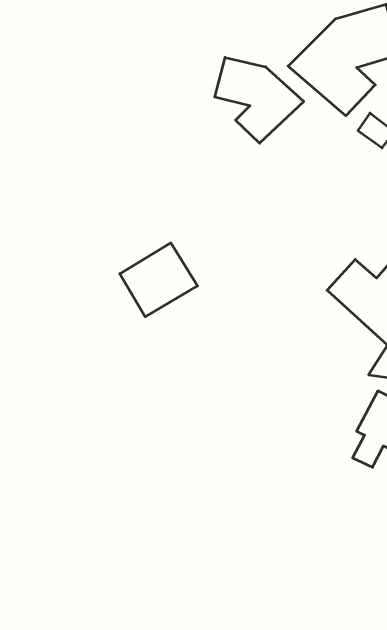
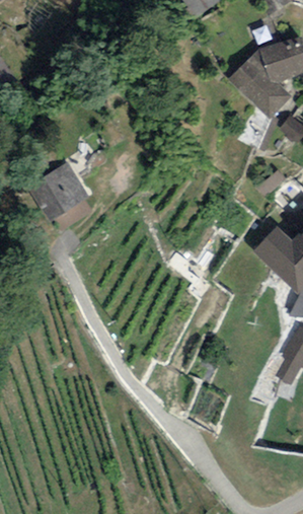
building: [215,57,304,143] -> none
building: [120,243,198,317] -> [29,162,88,218]

